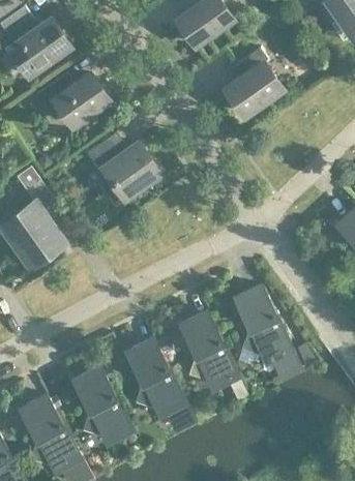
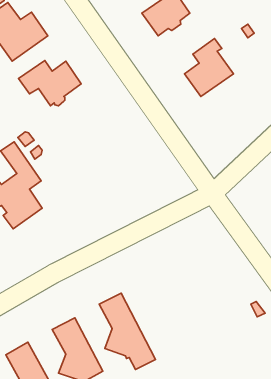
building: [87,132,160,207] -> none
building: [236,285,298,373] -> none
building: [182,312,238,387] -> none

